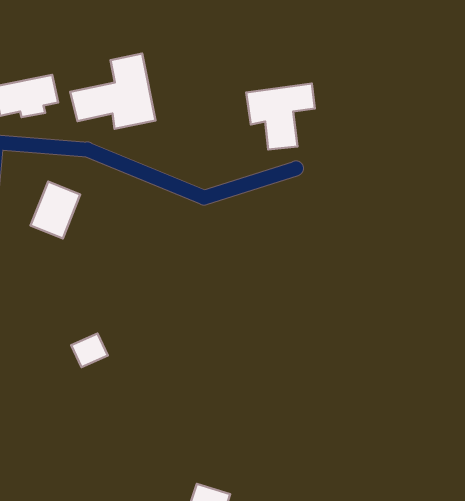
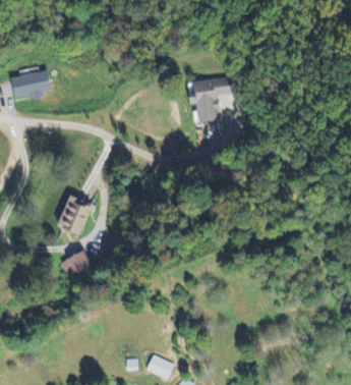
building: [70,53,155,129] -> none
building: [31,182,80,238] -> [58,196,93,235]

